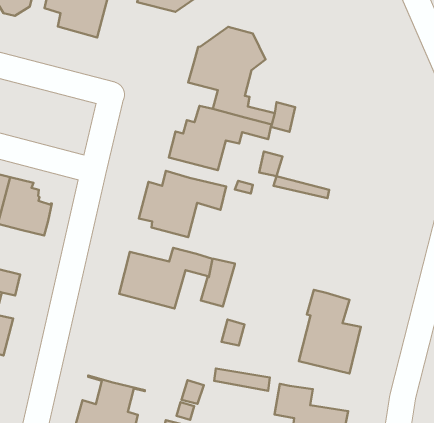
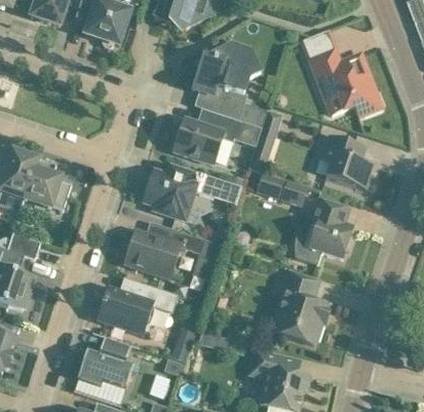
building: none -> [310,47,382,115]
building: none -> [321,134,371,188]
building: none -> [294,198,350,264]
building: none -> [97,276,178,335]

